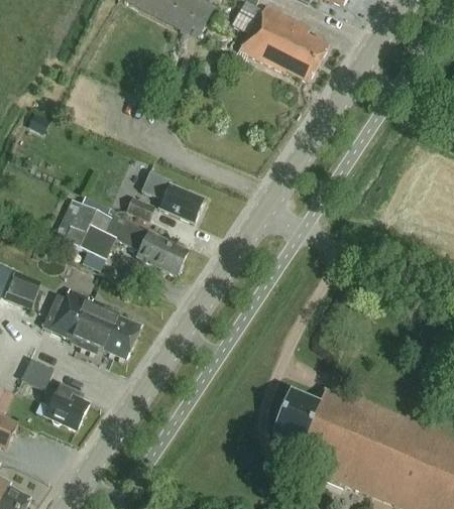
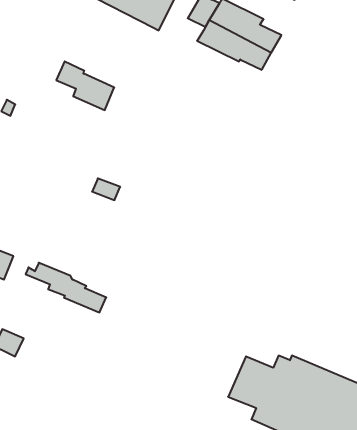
building: [140,170,203,223] -> [56,61,114,110]
building: [52,197,187,275] -> none
building: [41,300,133,360] -> none
building: [43,383,88,430] -> none

